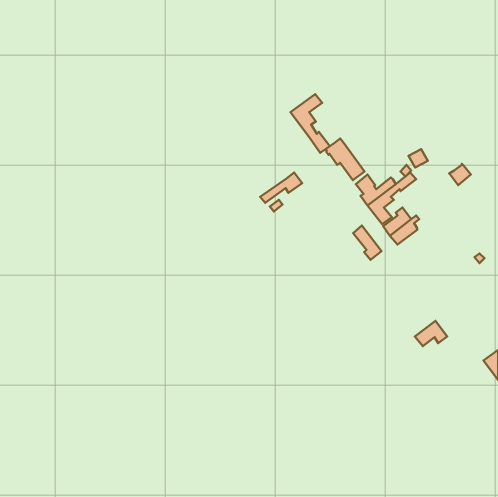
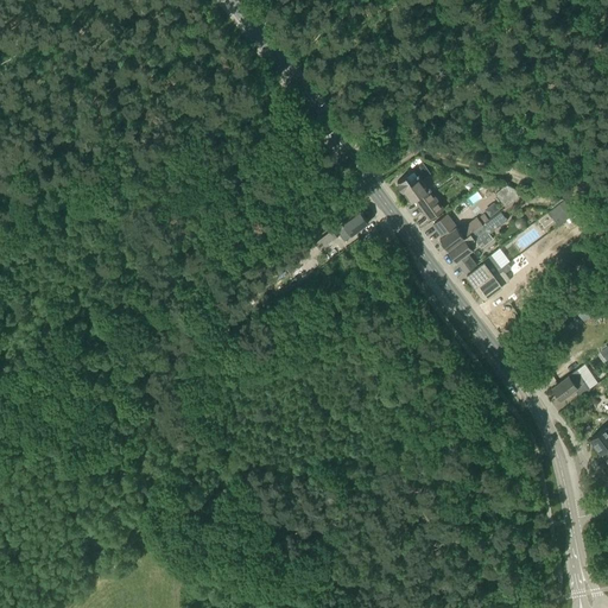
building: [290,94,330,153] -> none
building: [353,226,381,260] -> none
building: [415,321,447,346] -> [551,370,590,401]

